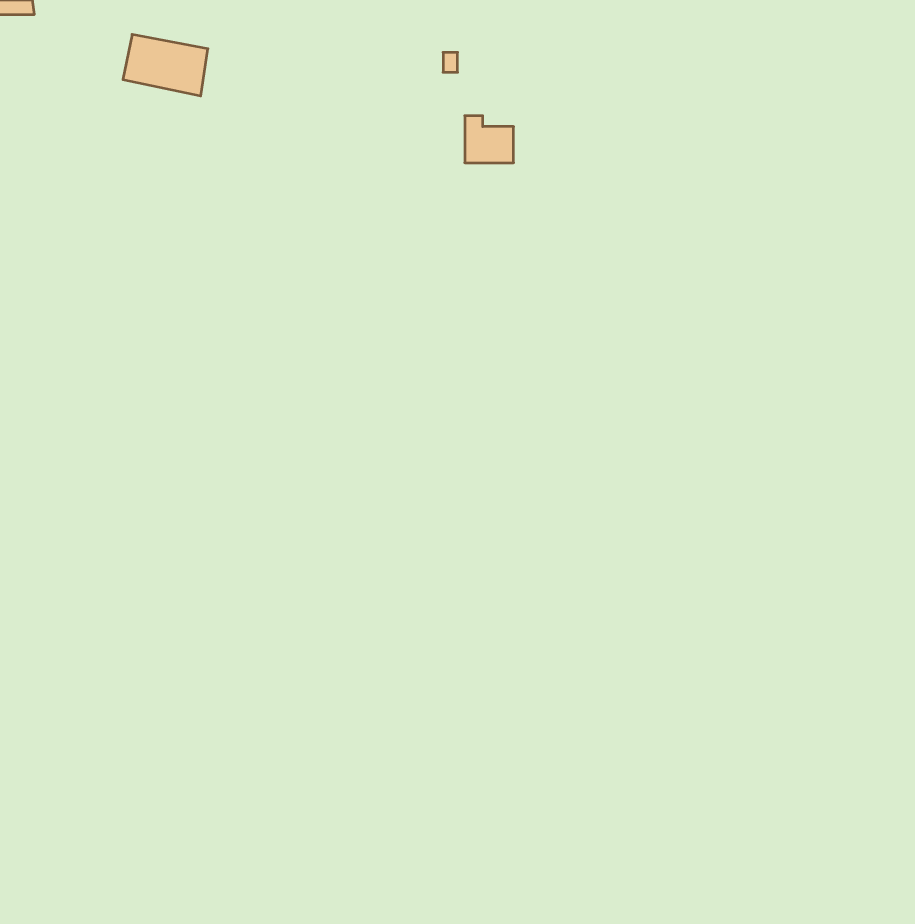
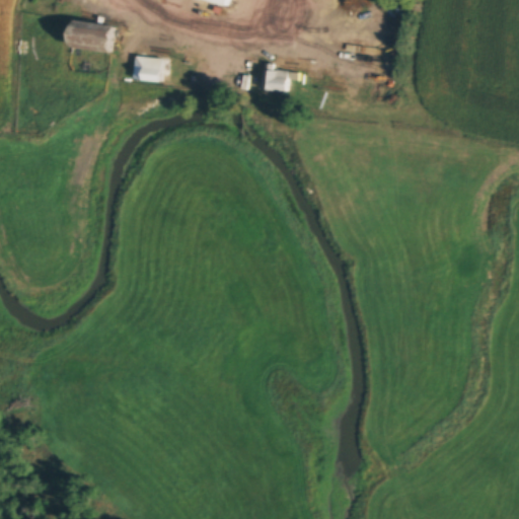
building: none -> [133,58,164,81]

